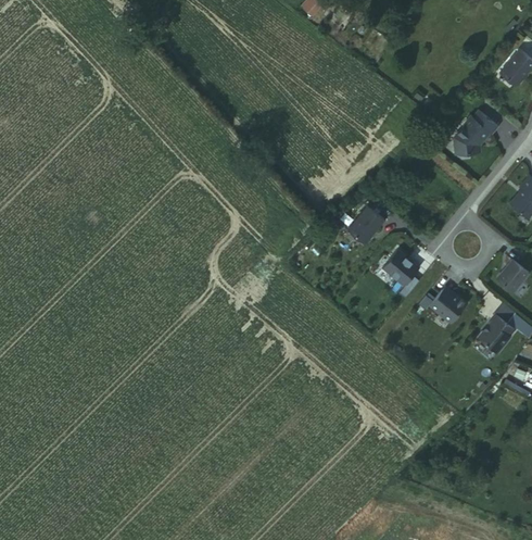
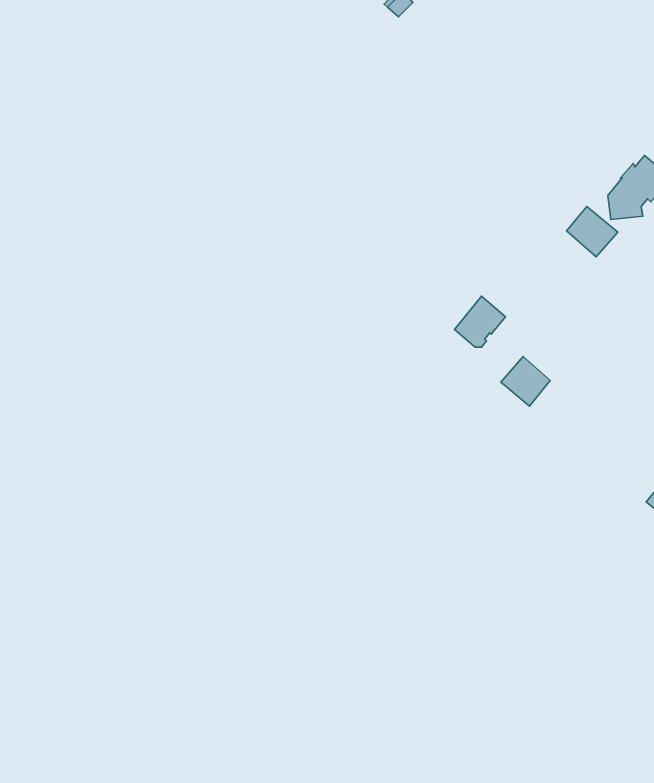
building: none -> [567,206,618,257]
building: [428,289,461,318] -> none

